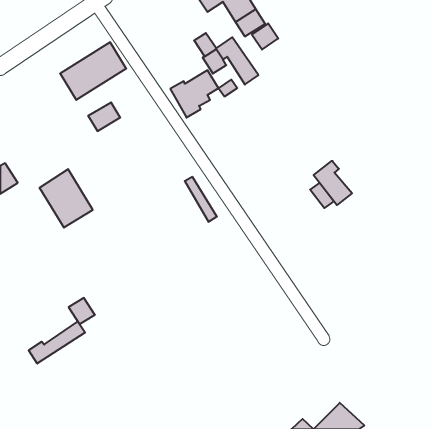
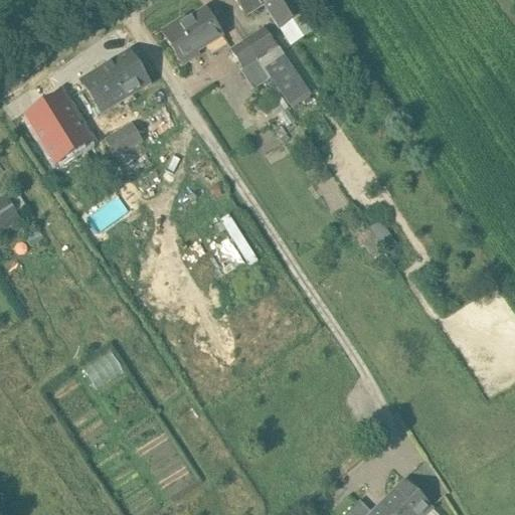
building: [252,23,278,50] -> [244,26,276,57]
building: [170,70,219,118] -> [162,7,219,63]
building: [314,161,352,205] -> none
building: [39,169,93,228] -> [25,92,89,161]
building: [29,322,85,364] -> none

